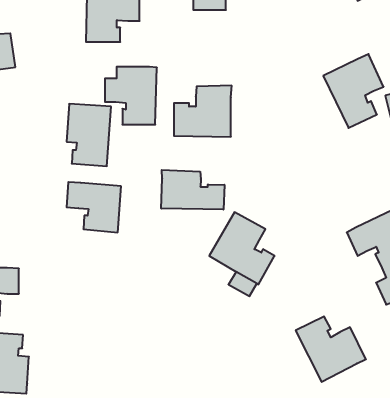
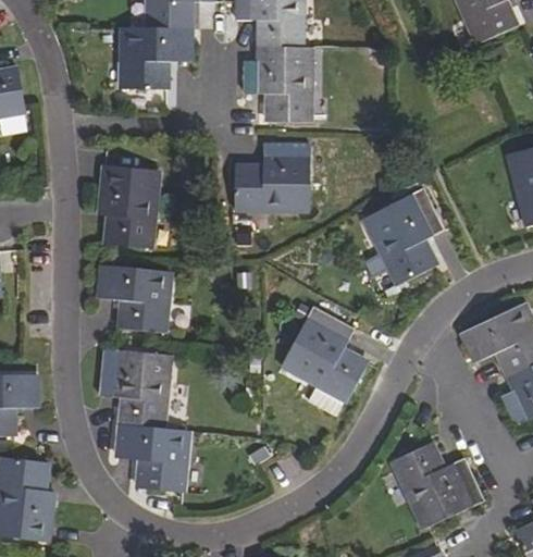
building: [323,54,384,128] -> [365,188,444,284]
building: [105,67,157,125] -> [246,44,313,119]
building: [161,170,224,210] -> none
building: none -> [100,351,188,493]

